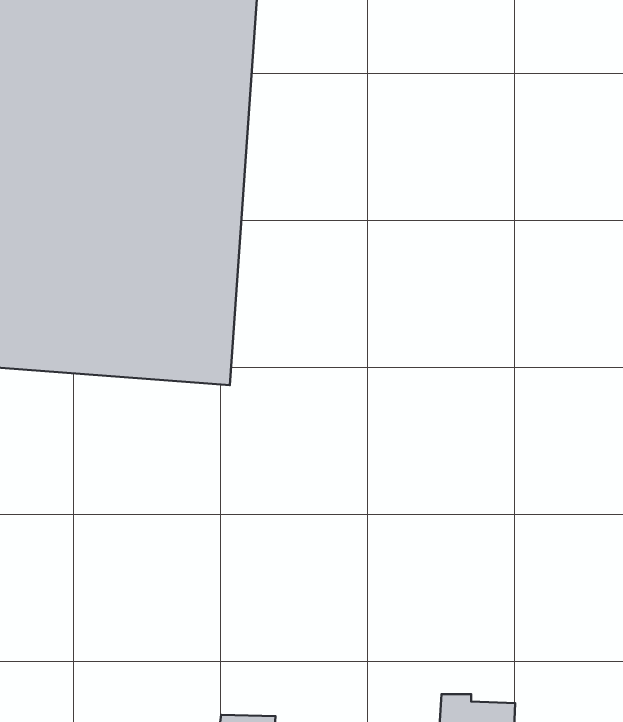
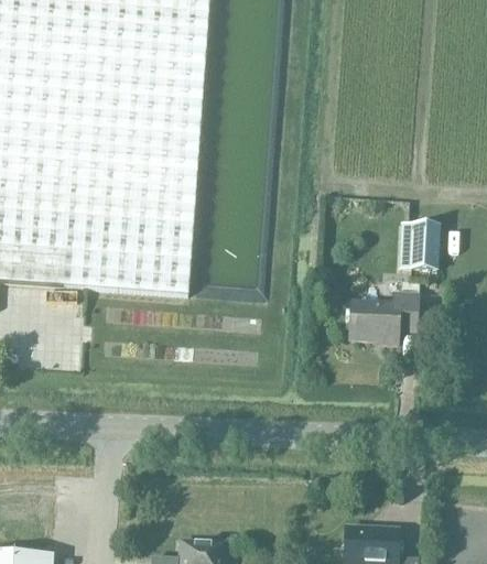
building: none -> [409,227,436,271]
building: none -> [349,295,416,346]

